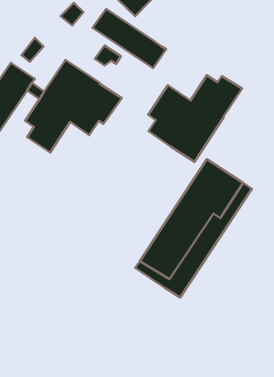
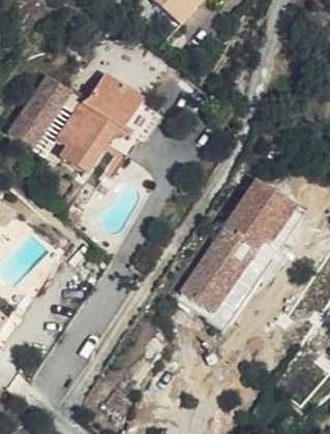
building: [93,9,166,68] -> none
building: [148,75,242,162] -> none

